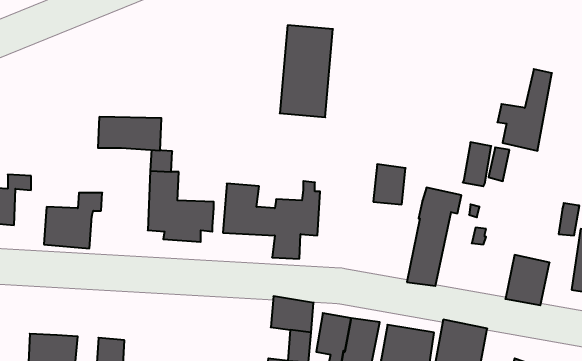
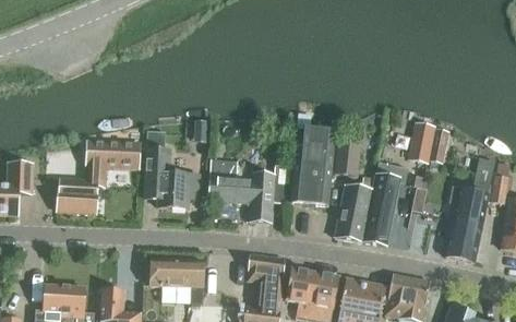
building: [280,25,333,117] -> [290,127,335,204]
building: [497,69,552,151] -> [448,156,494,225]
building: [98,117,161,151] -> [86,140,140,168]
building: none -> [335,183,373,241]
building: none -> [149,258,203,302]

